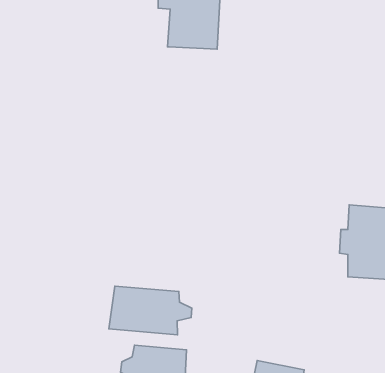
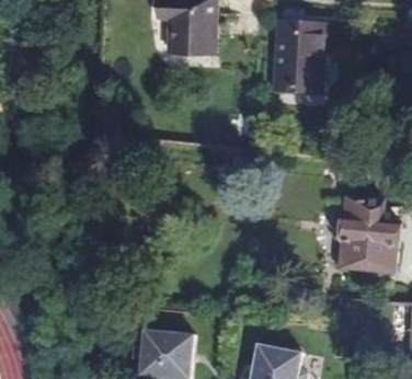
building: none -> [277,24,324,96]
building: [109,286,192,335] -> none

